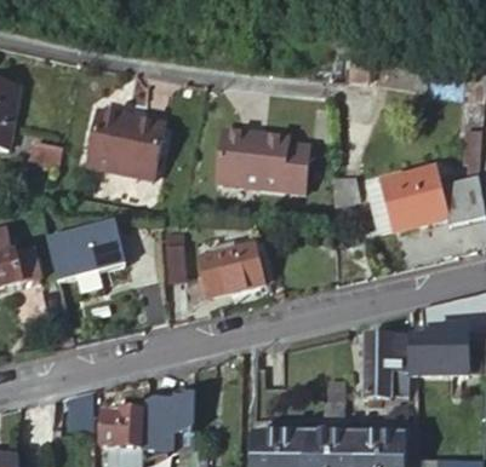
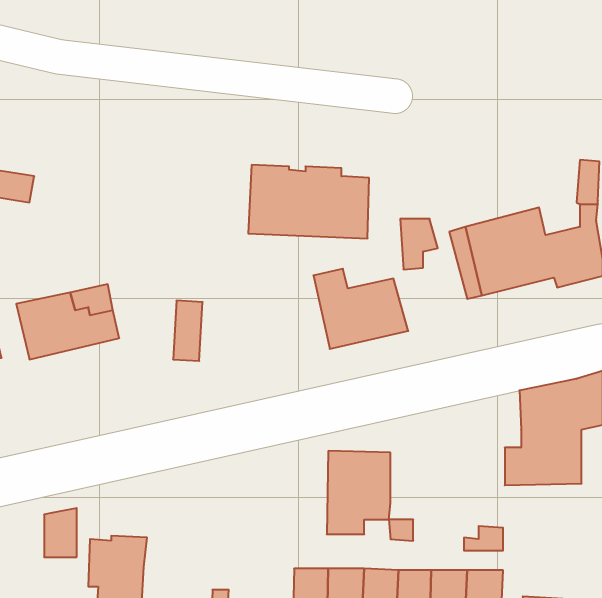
building: [86,111,166,181] -> none
building: [195,238,265,298] -> [313,269,408,349]
building: [362,334,410,396] -> [327,451,390,534]
building: [142,396,195,436] -> none

